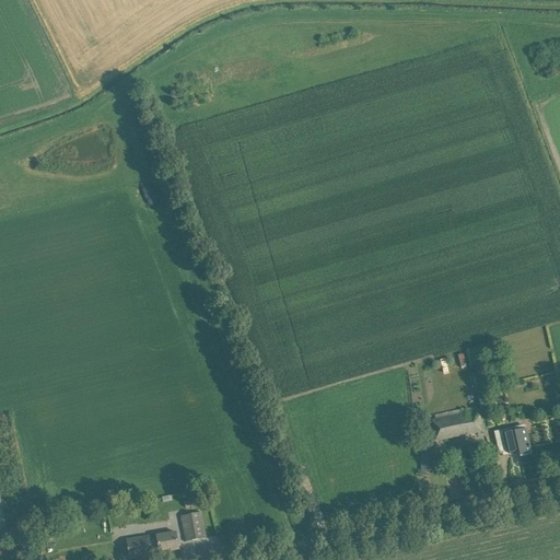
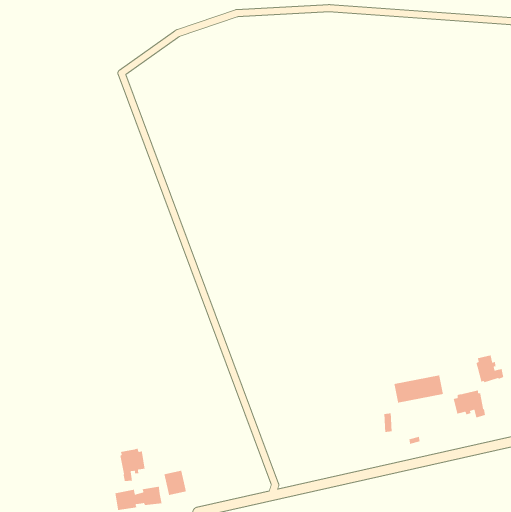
building: none -> [475,354,504,383]
building: none -> [119,448,146,482]

